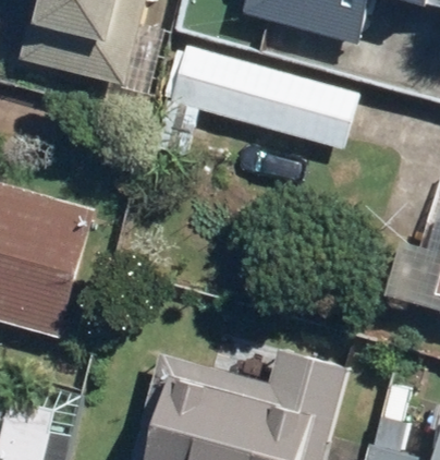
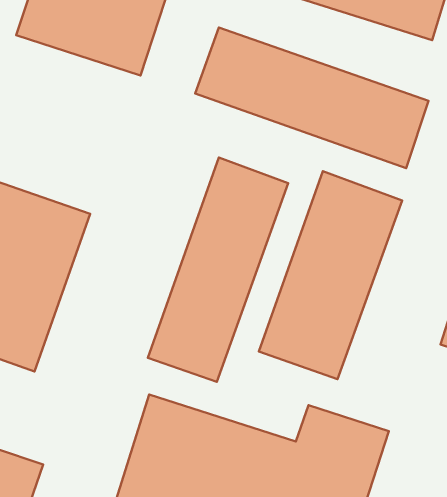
building: none -> [148,157,288,382]
building: none -> [259,171,402,379]

